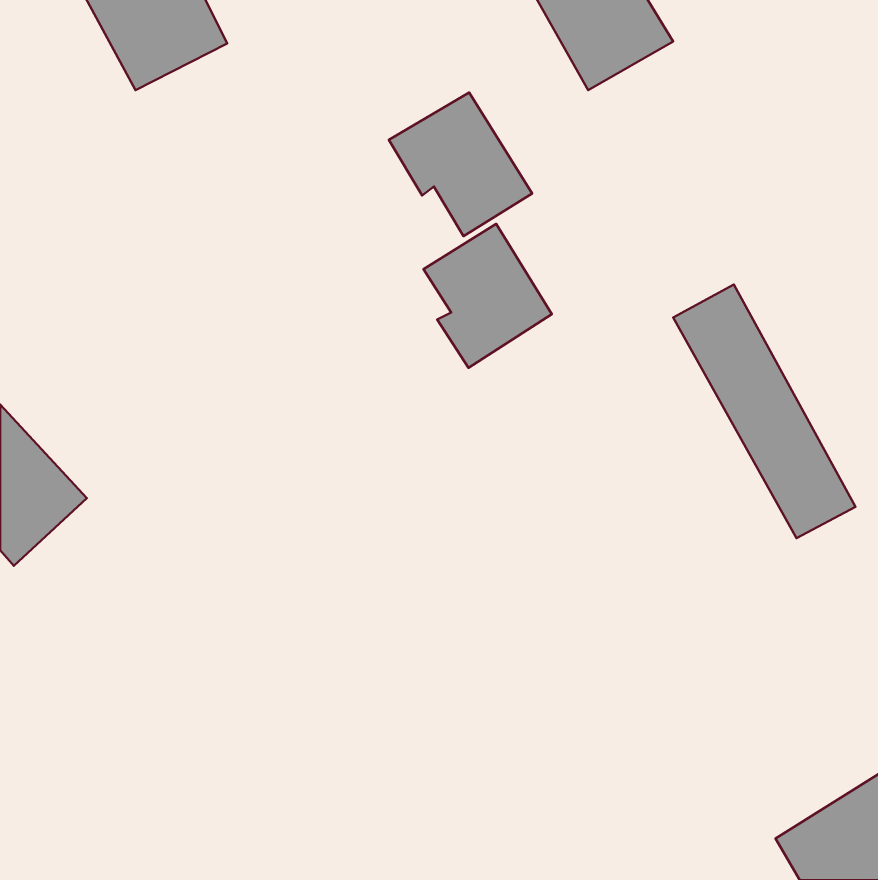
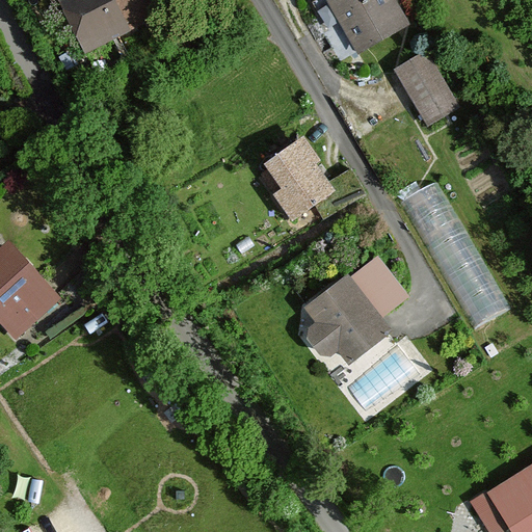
building: none -> [393,53,456,127]
building: [389,92,532,236] -> none
building: none -> [296,256,406,364]

